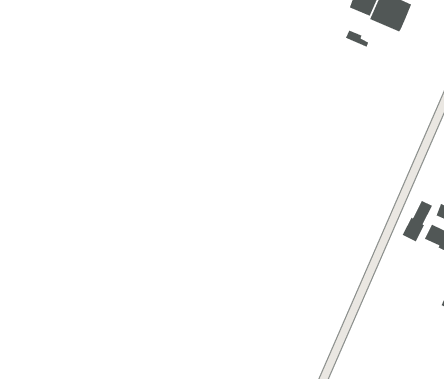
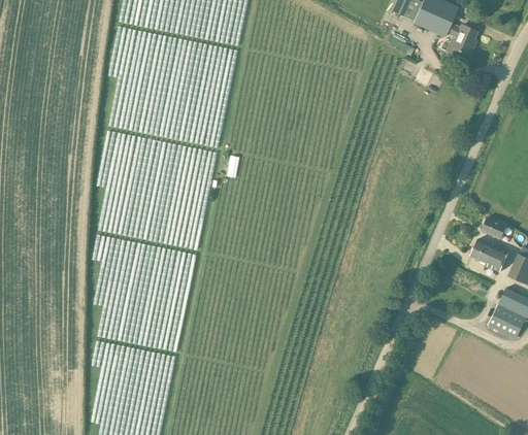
building: none -> [447,22,477,55]
building: [401,200,433,243] -> none

